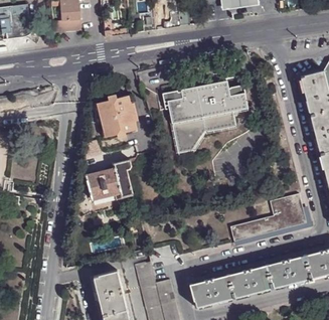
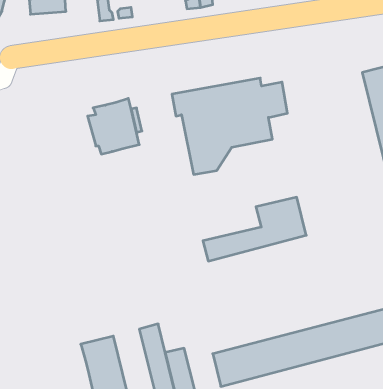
building: [85,159,132,199] -> none
building: [230,194,307,242] -> [203,197,306,261]

